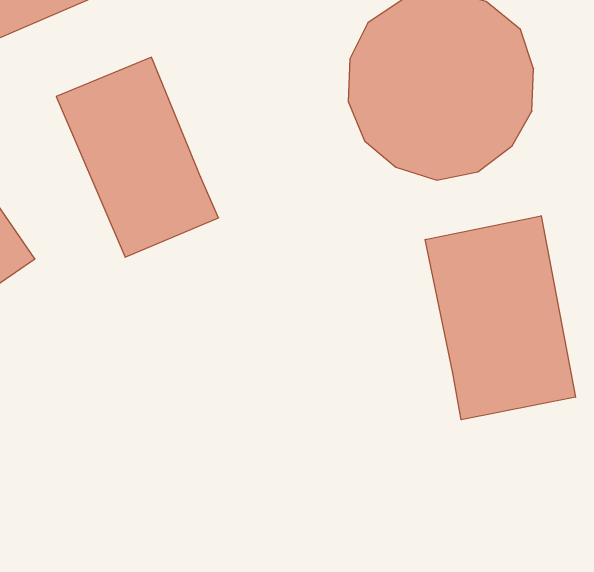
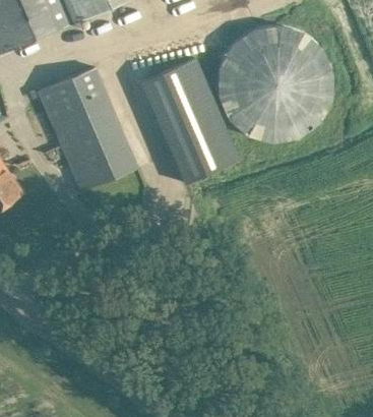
building: none -> [141,57,239,181]
building: [425,216,576,420] -> none

